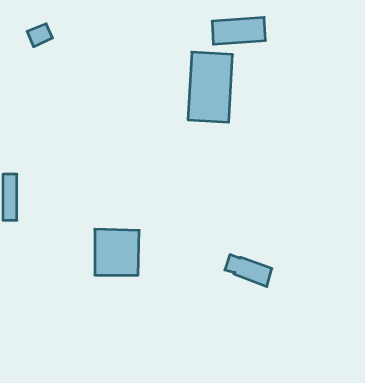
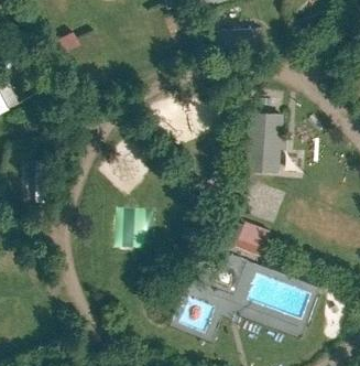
building: [188,52,233,122] -> [247,112,285,173]

